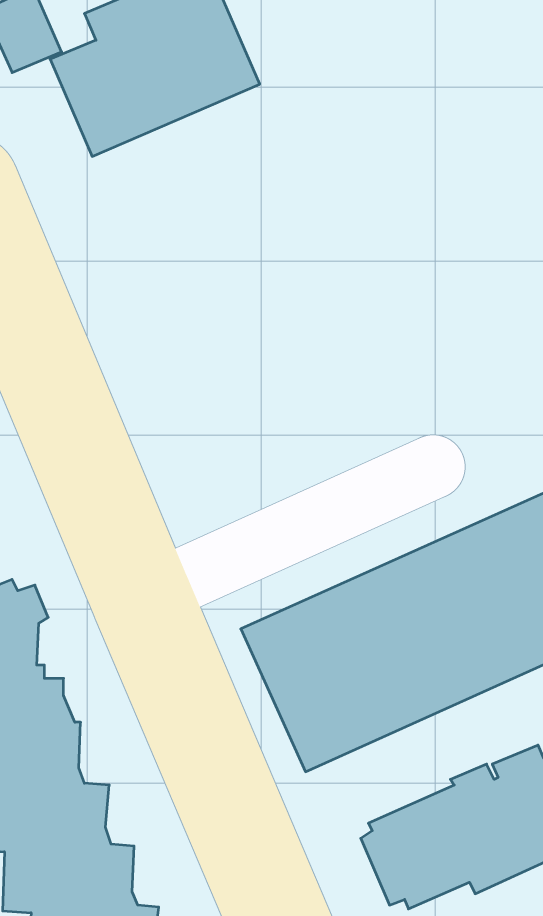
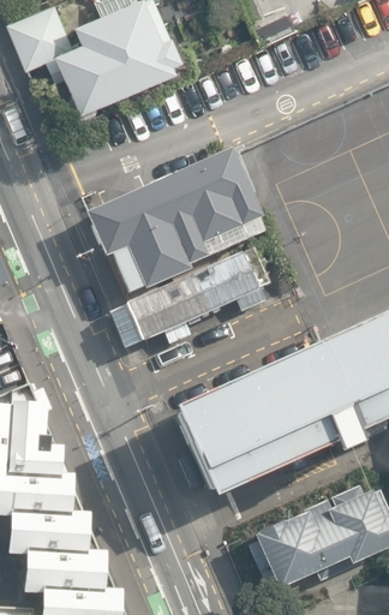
building: none -> [88,147,262,289]
building: none -> [126,247,265,335]

